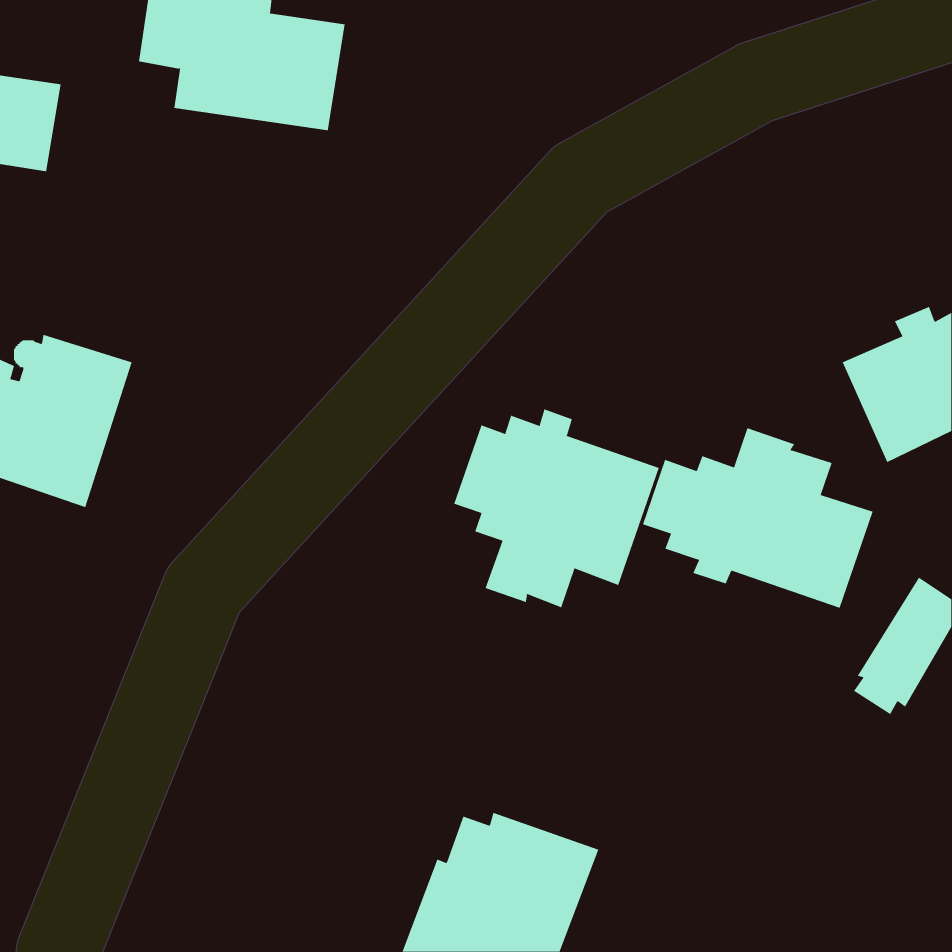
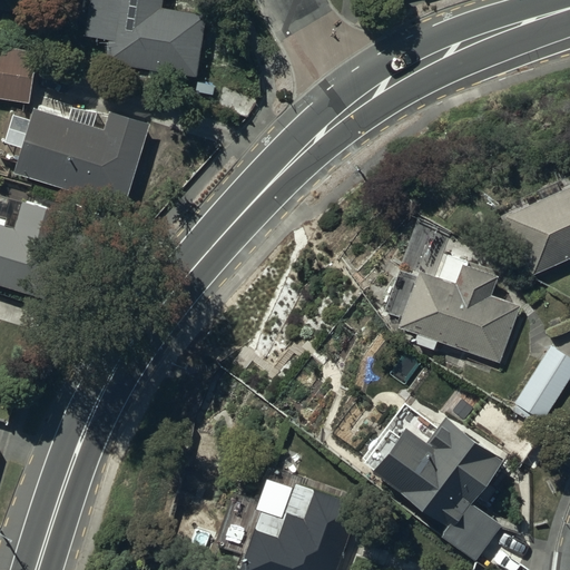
building: none -> [14,109,149,207]
building: [454,408,659,608] -> none
building: none -> [363,399,505,562]

